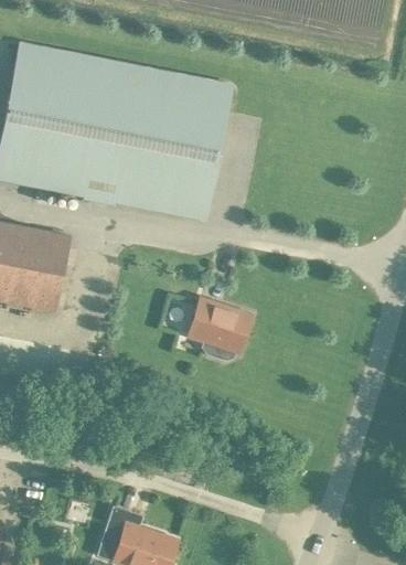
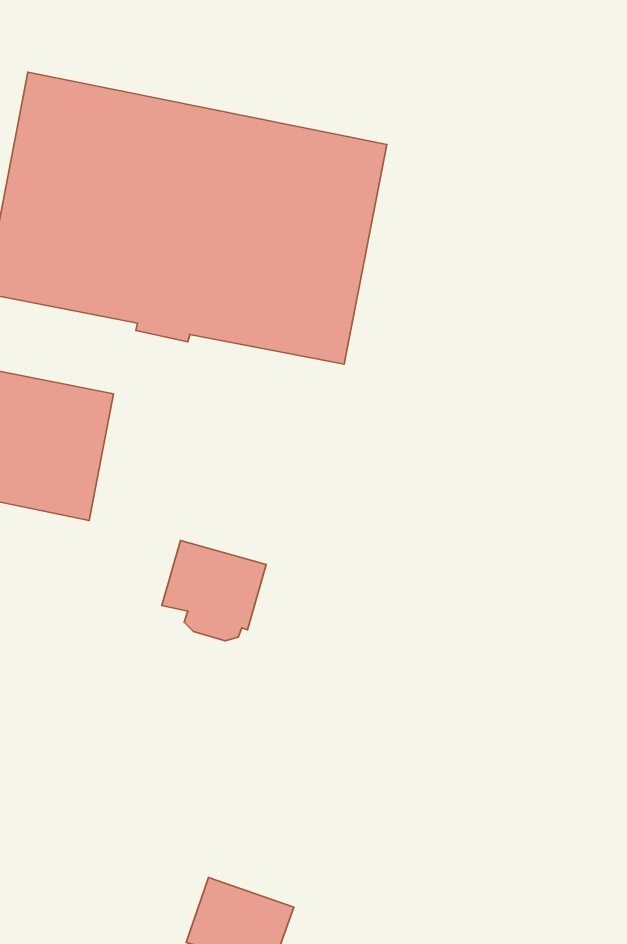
building: [186,299,248,359] -> [162,540,266,641]

